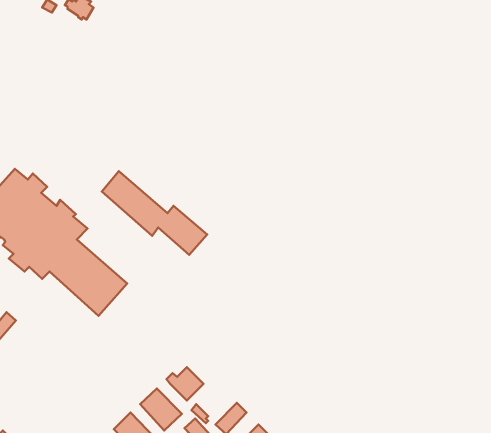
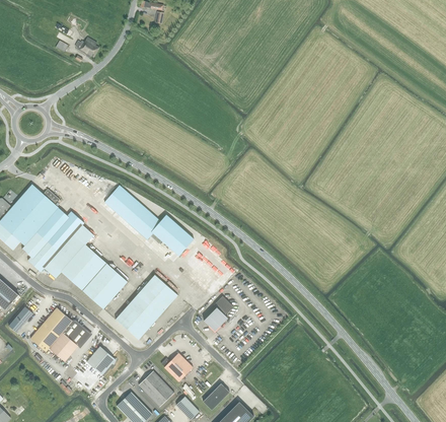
building: none -> [116,275,177,340]
building: none -> [204,296,233,332]
building: none -> [30,307,91,362]
building: none -> [87,346,116,375]

